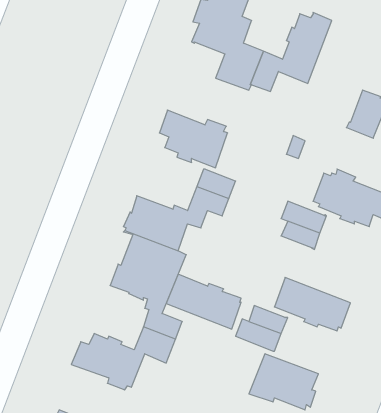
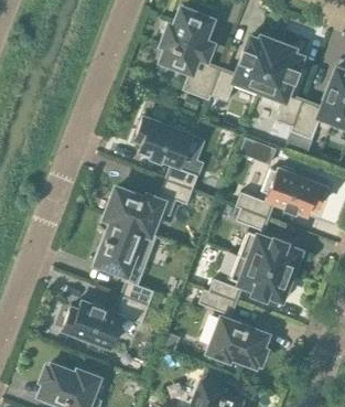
building: none -> [258,43,303,127]
building: [166,274,241,329] -> [239,231,301,276]

